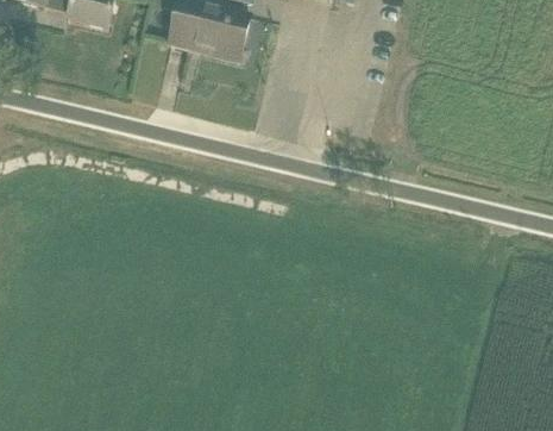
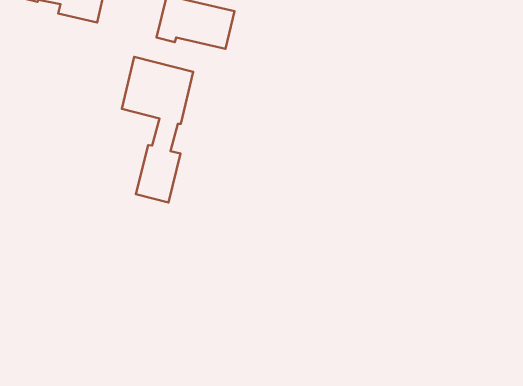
building: none -> [122,57,193,202]

